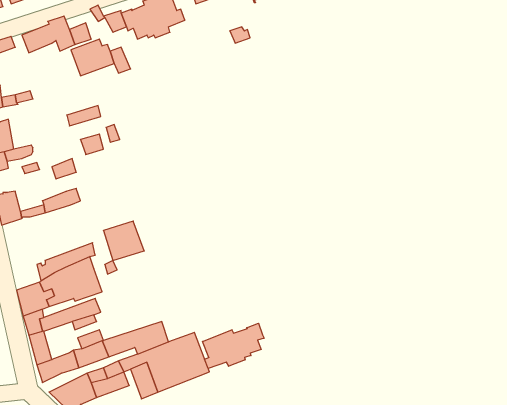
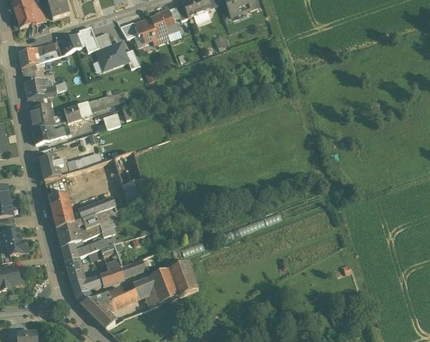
building: none -> [63,102,91,123]
building: none -> [49,191,74,228]
building: [203,323,264,368] -> none

